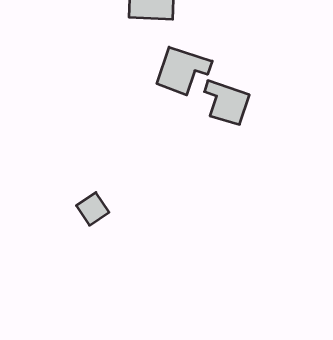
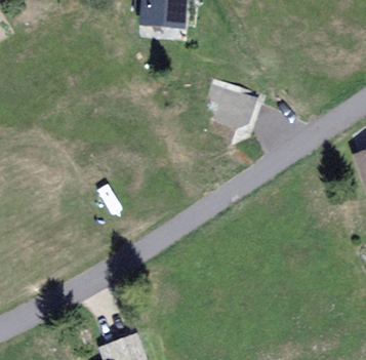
building: [157,47,212,95] -> none

